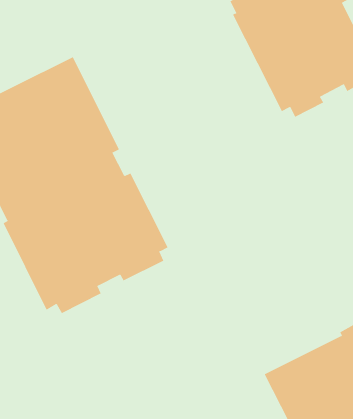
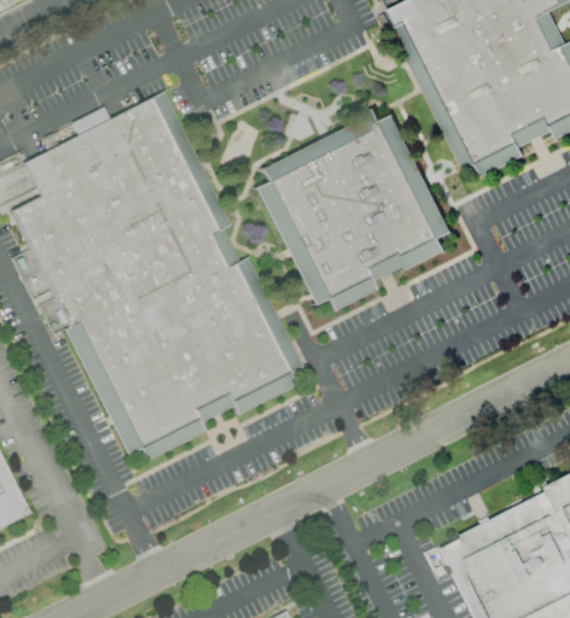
building: none -> [252,109,454,311]

